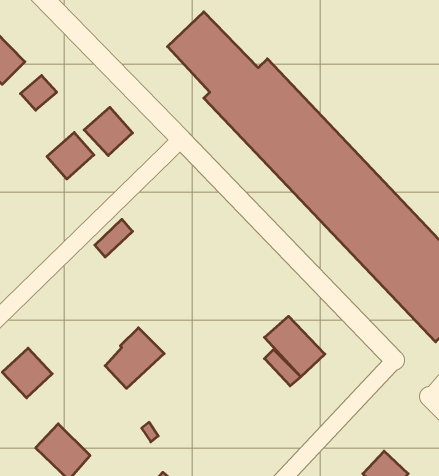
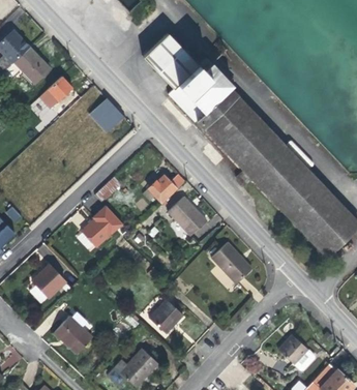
building: [47,132,94,179] -> none
building: none -> [143,175,185,203]
building: none -> [168,197,207,235]
building: [105,328,164,388] -> [83,205,123,246]
building: none -> [150,299,183,333]

